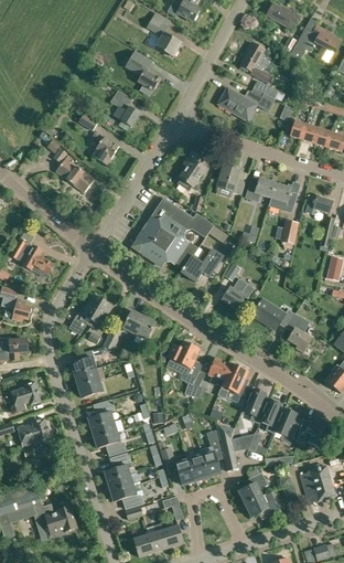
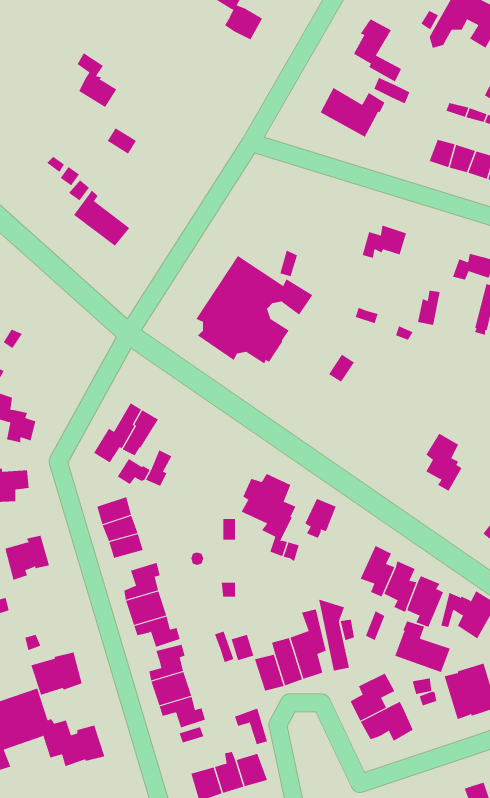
building: [126,52,161,95] -> none
building: [114,89,140,126] -> [77,52,117,108]
building: [93,131,119,164] -> none
building: [180,151,205,187] -> none
building: [217,166,248,195] -> none
building: [268,183,300,213] -> none
building: [23,245,54,278] -> none
building: [182,249,223,283] -> none
building: [222,278,255,309] -> none
building: [252,299,297,330] -> none
building: [123,311,155,340] -> none
building: [217,363,248,399] -> none
building: [17,418,51,447] -> [30,652,82,695]
building: none -> [394,620,451,673]

